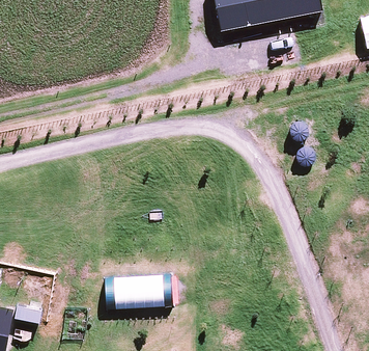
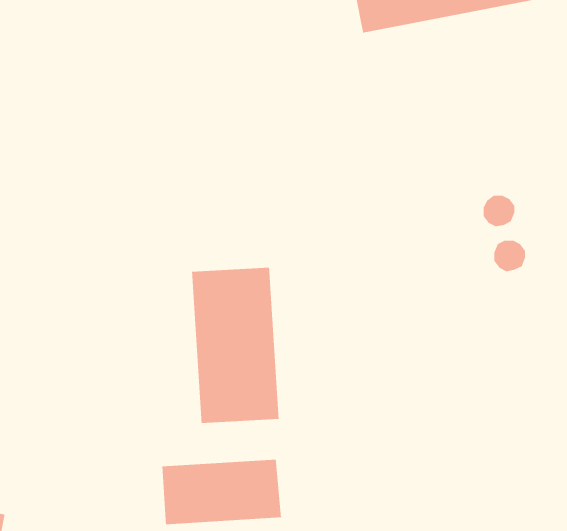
building: none -> [191,267,279,424]

